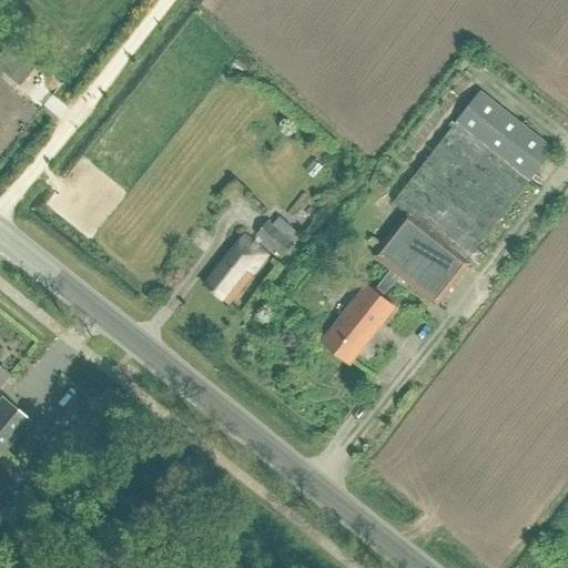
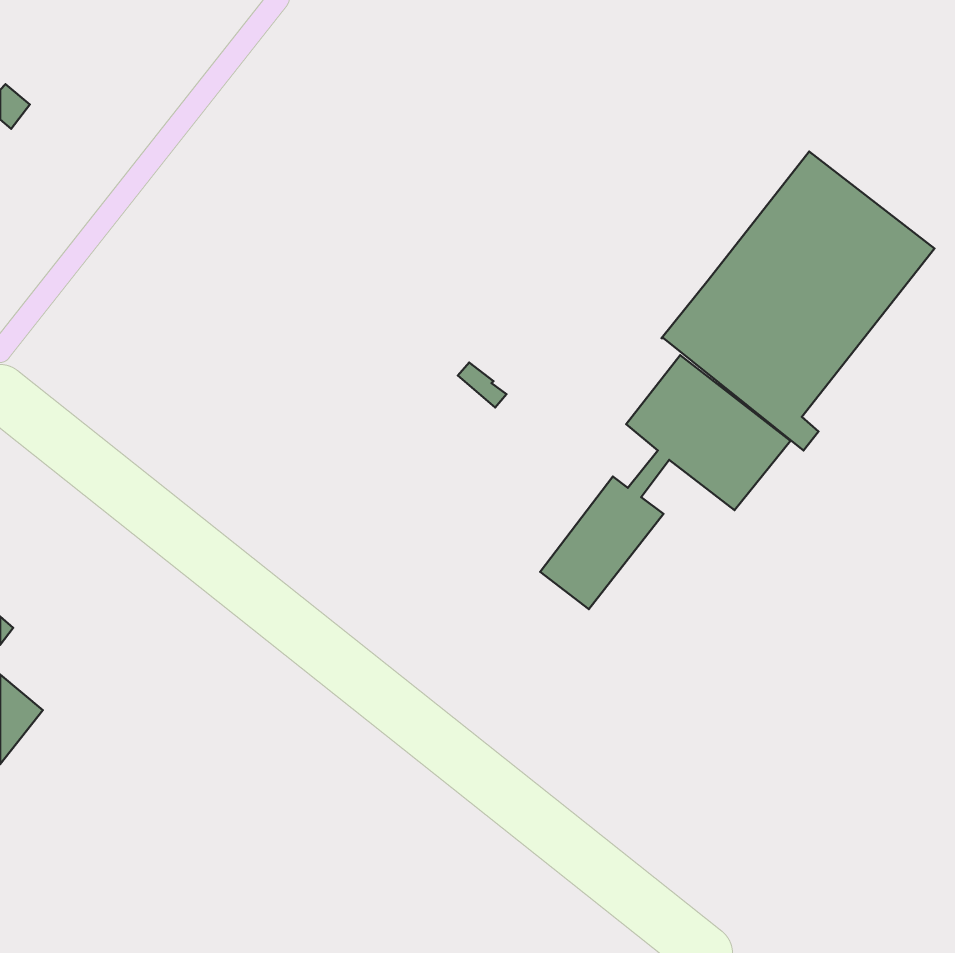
building: [255,220,294,256] -> none
building: [205,235,267,303] -> none

